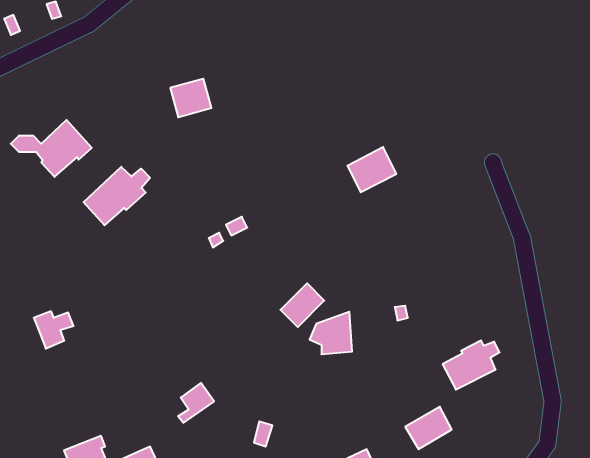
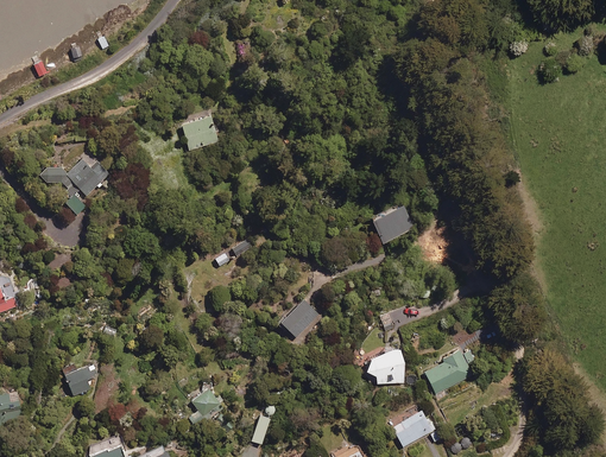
building: [347,147,396,192] -> [370,203,414,243]
building: [84,167,150,225] -> none
building: [34,311,74,349] -> [62,363,97,396]
building: [310,312,352,354] -> [365,347,403,385]

